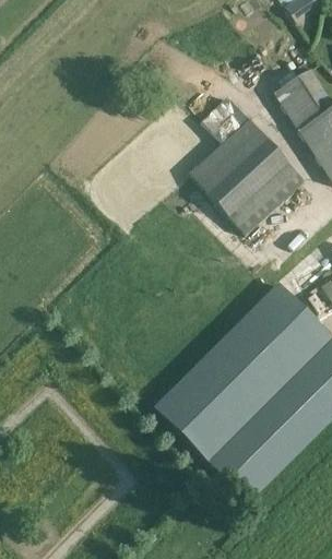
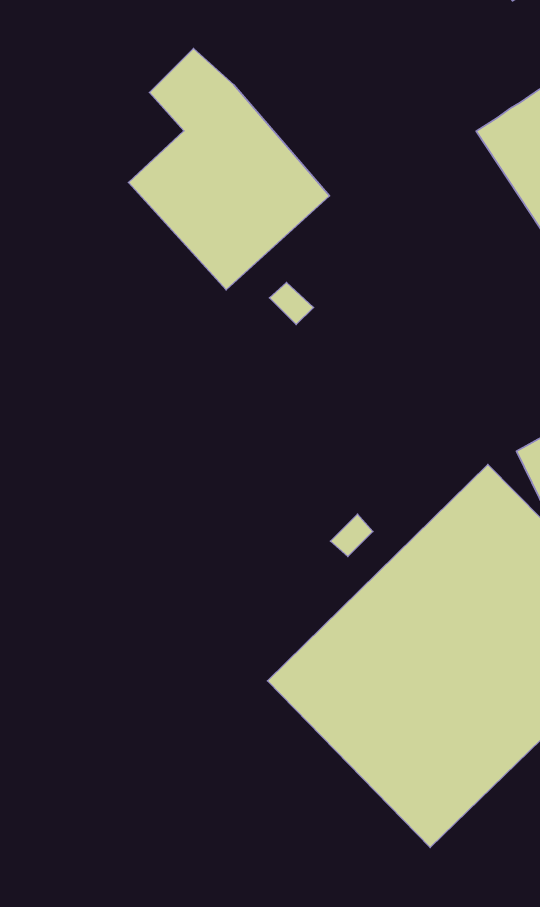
building: [189,98,304,236] -> [128,49,330,290]

